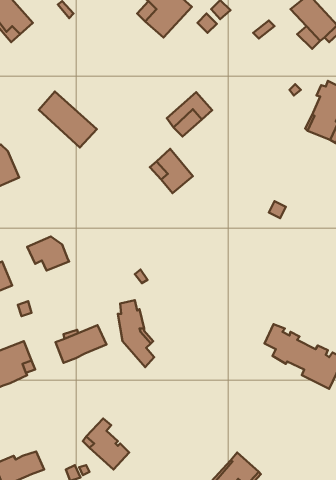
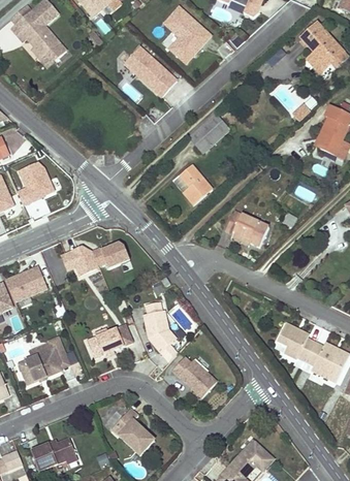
building: [39,92,97,147] -> [124,46,177,97]
building: none -> [225,211,268,247]
building: none -> [93,243,129,267]
building: none -> [171,356,216,397]

